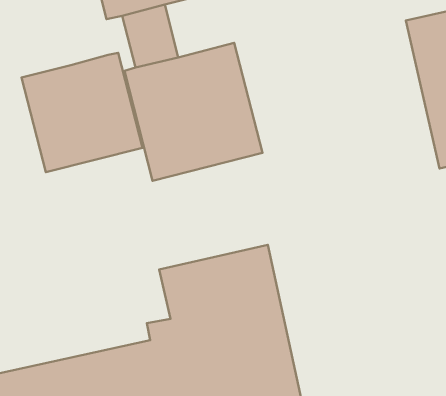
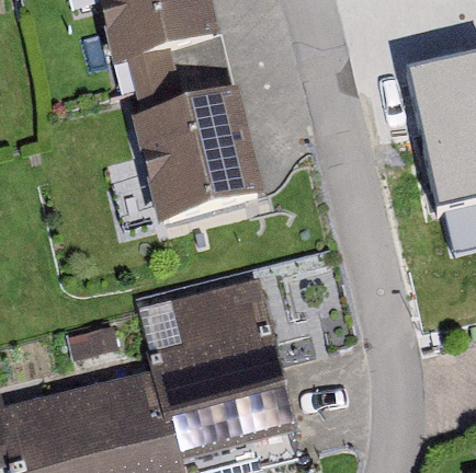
building: [22,53,142,172] -> none

